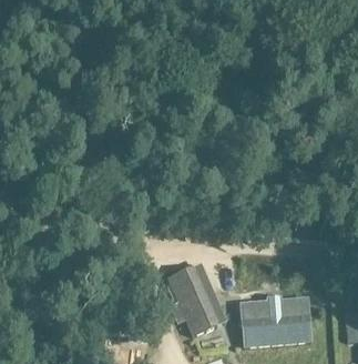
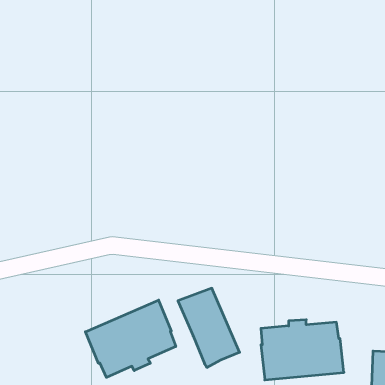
building: none -> [85,300,176,377]

